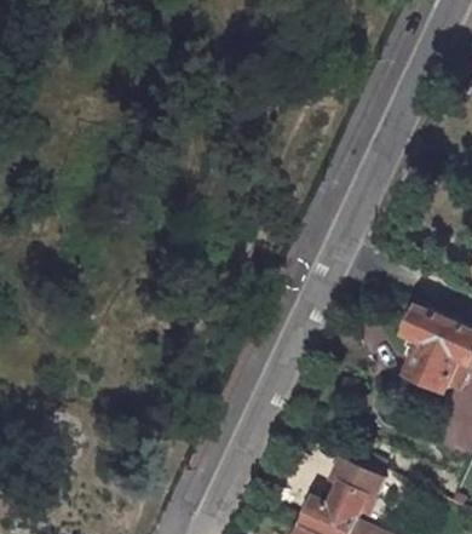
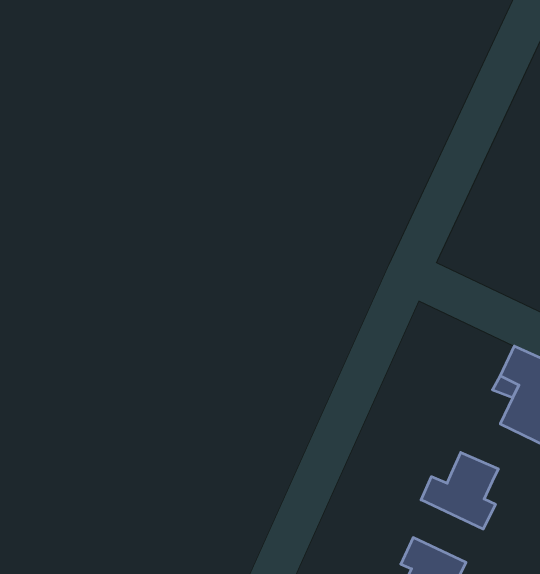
building: none -> [421,452,498,529]

